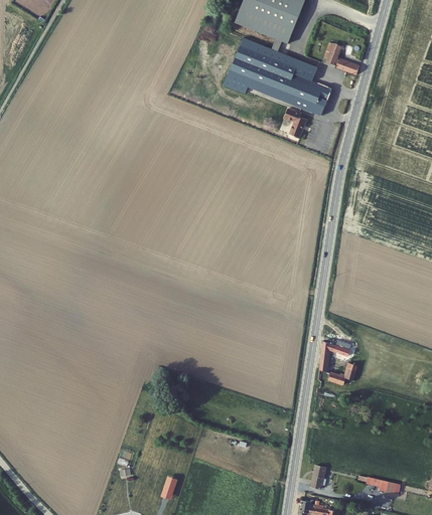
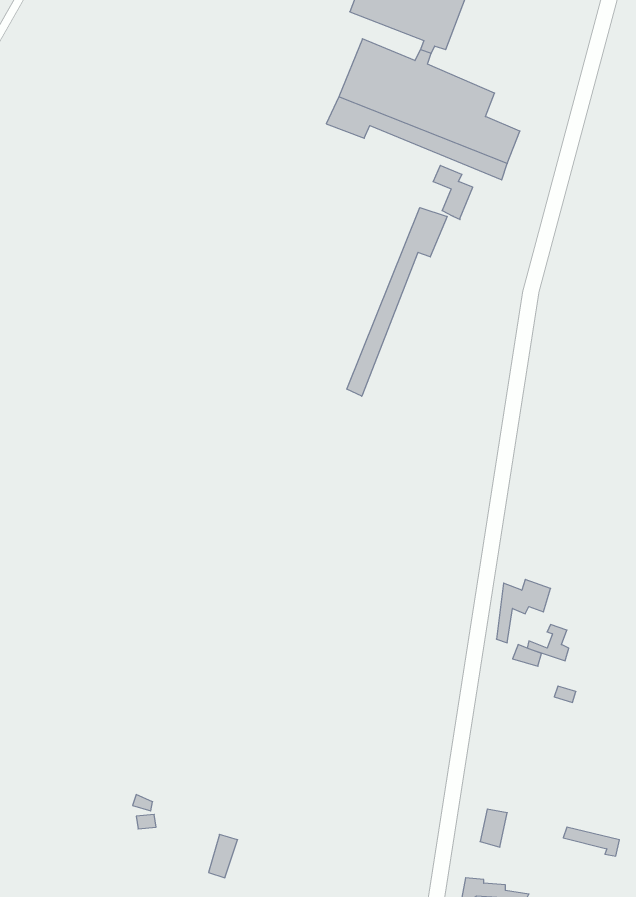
building: [325,39,356,72] -> none
building: none -> [347,208,447,396]

